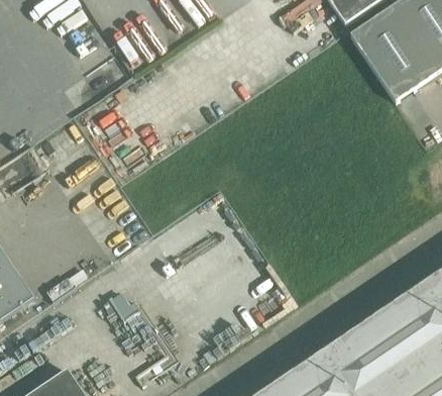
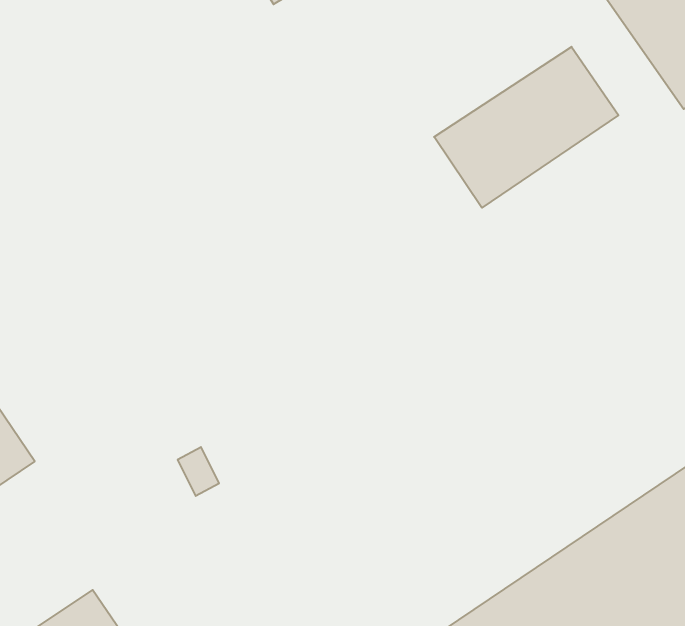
building: none -> [434,47,618,208]

